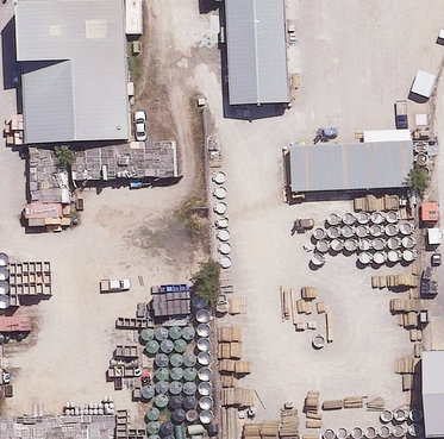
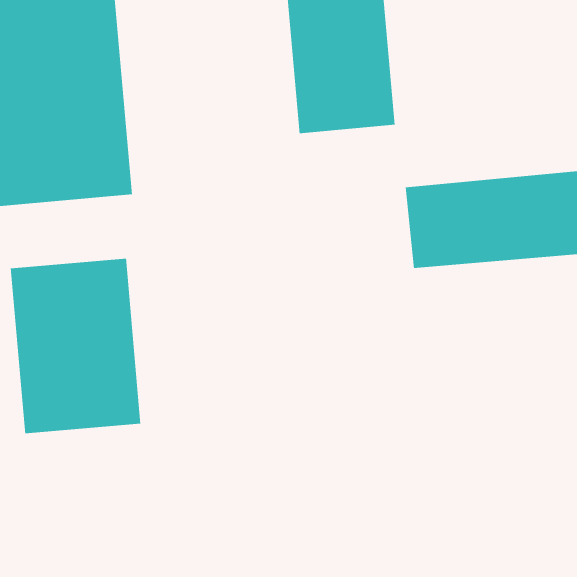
building: none -> [10,258,141,434]

